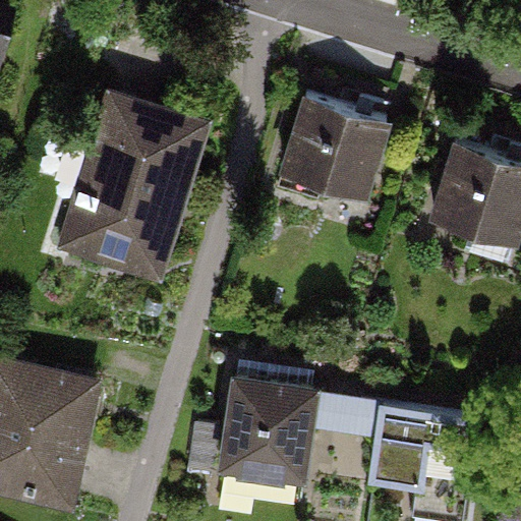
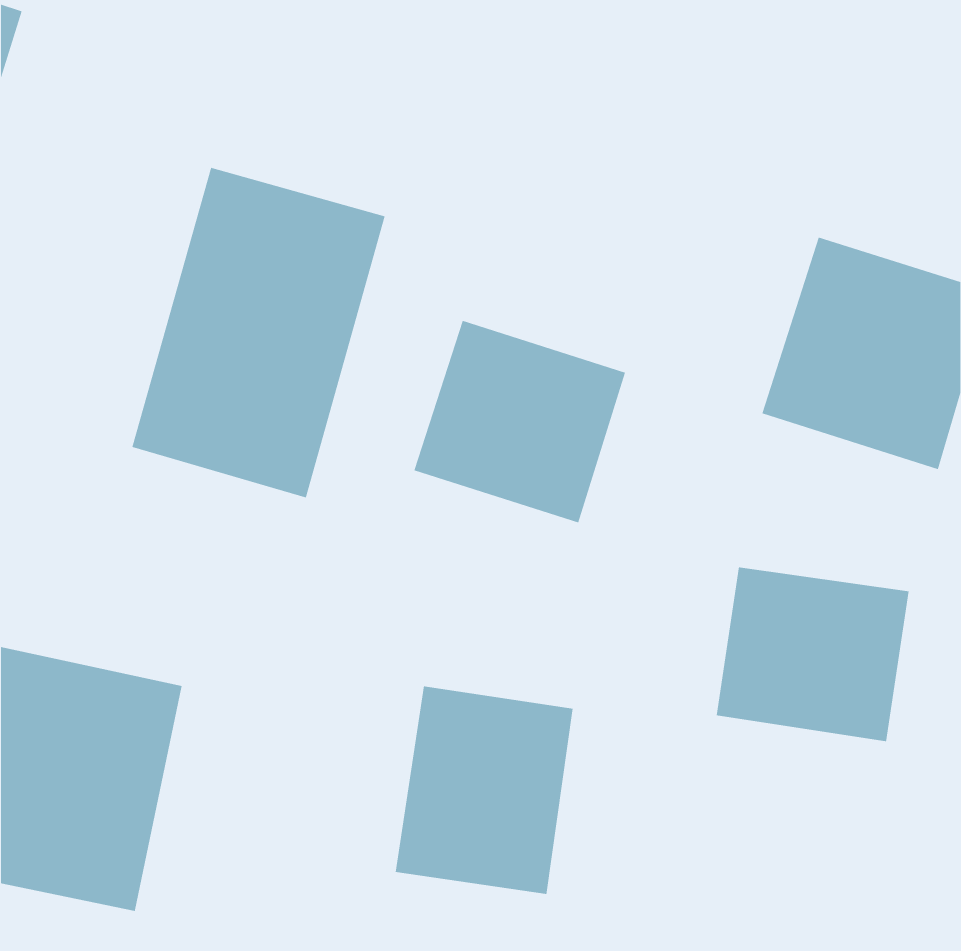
building: [280,99,395,209] -> [413,320,626,523]
building: [363,405,468,500] -> [716,567,909,742]

